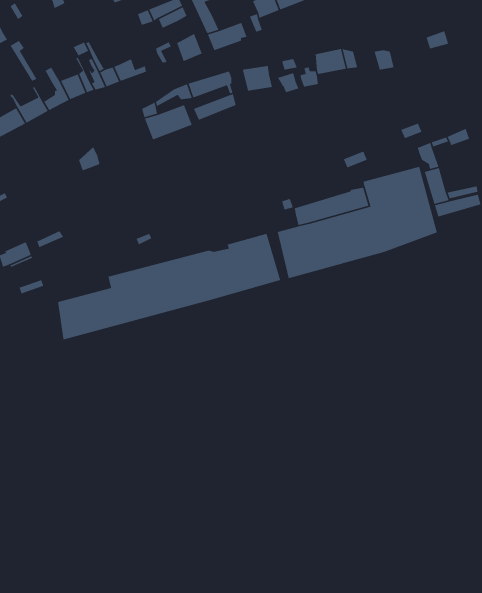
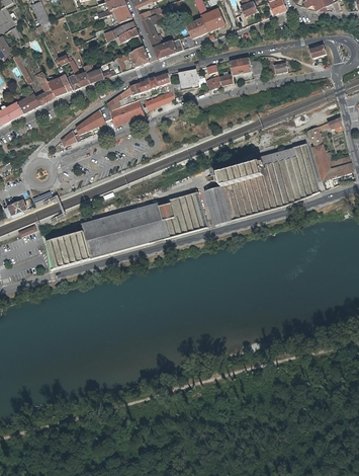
building: none -> [76,108,107,136]

